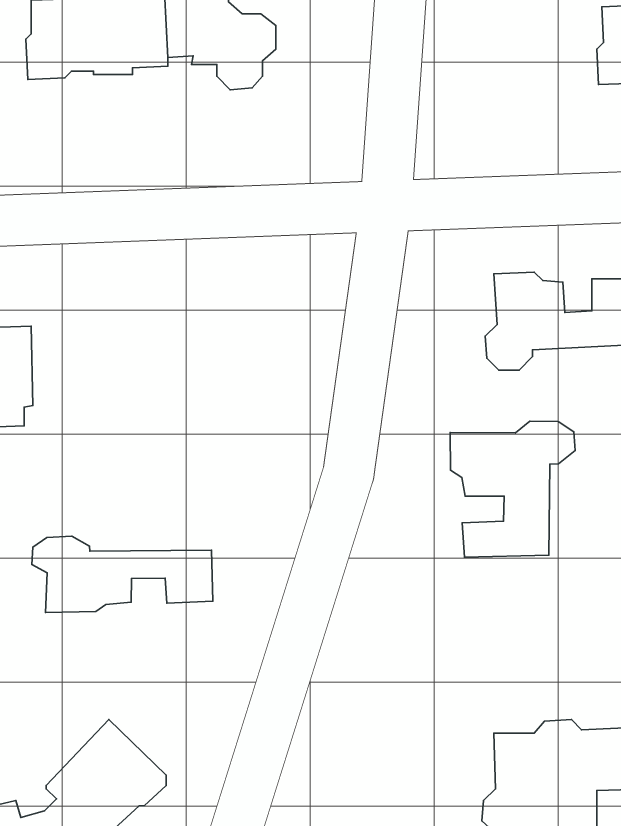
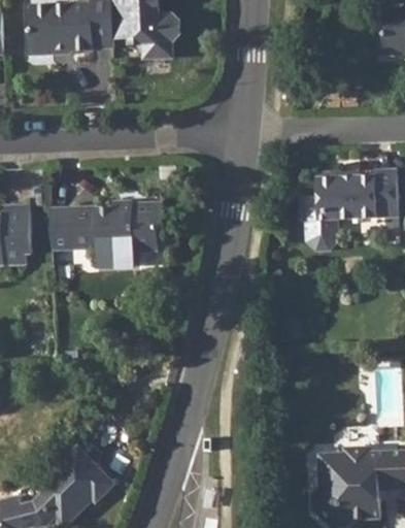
building: none -> [50,200,165,266]
building: [450,421,575,557] -> none
building: [32,536,213,612] -> none

